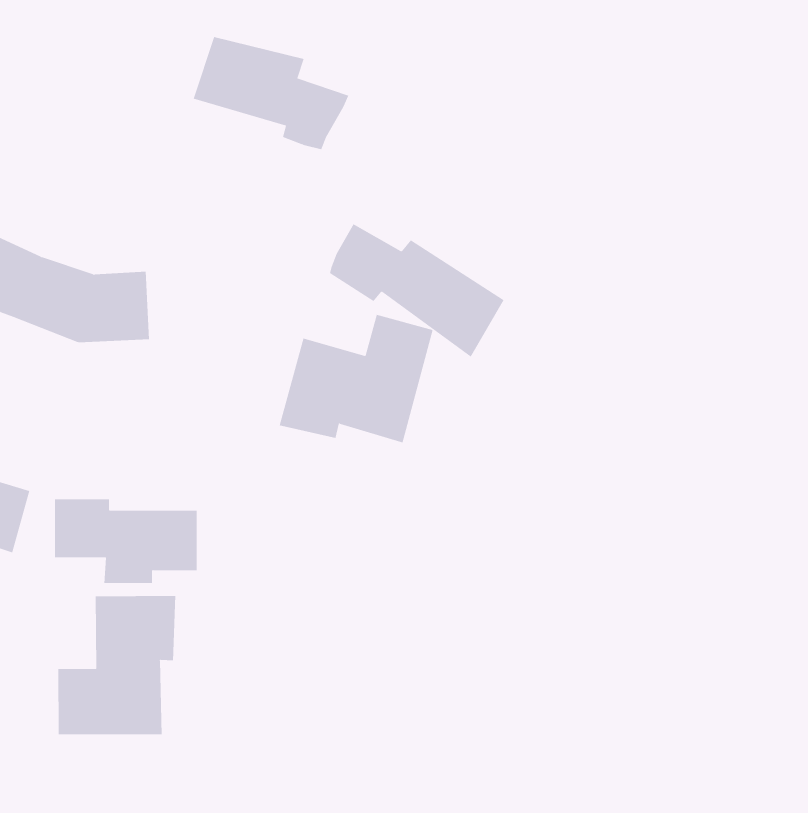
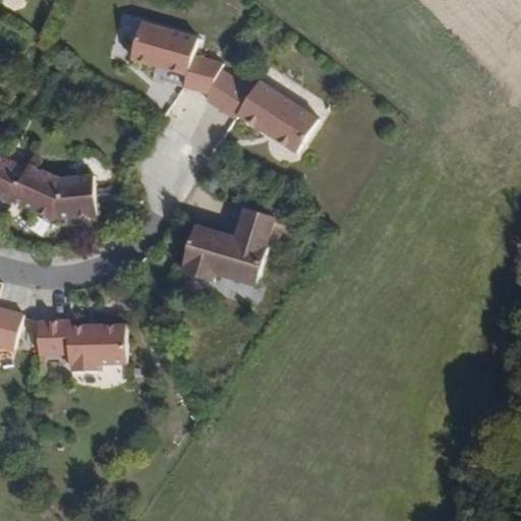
building: [329,224,505,358] -> [205,68,316,154]
building: [58,595,176,735] -> none

